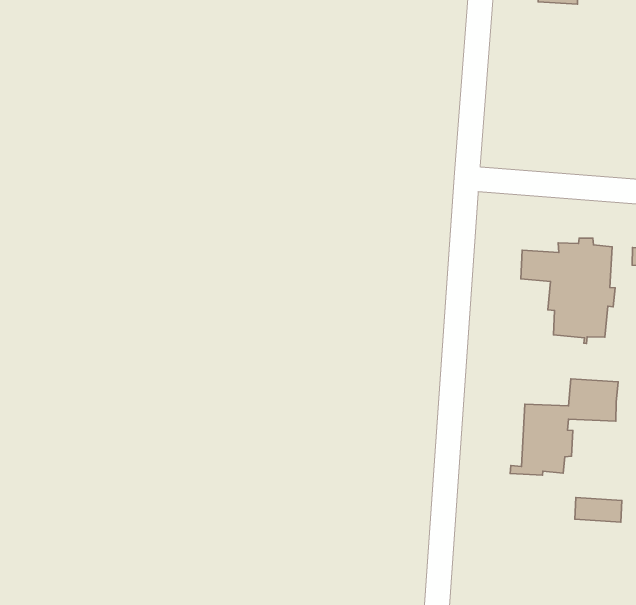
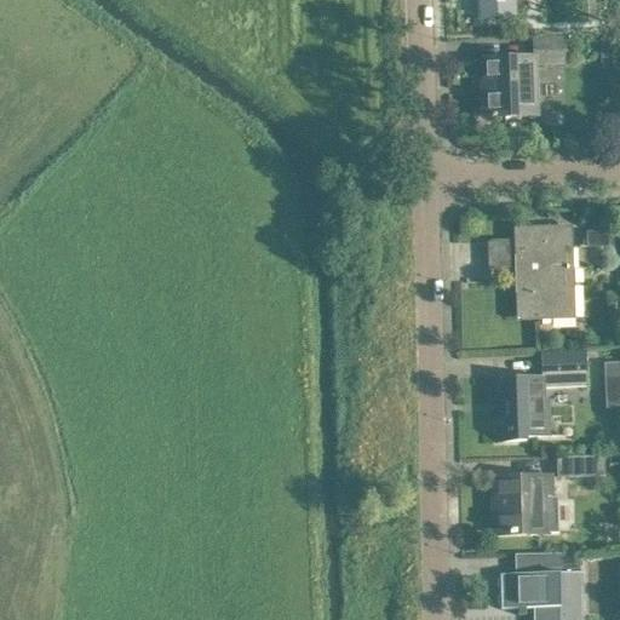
building: none -> [482,36,564,115]
building: none -> [498,475,558,532]

